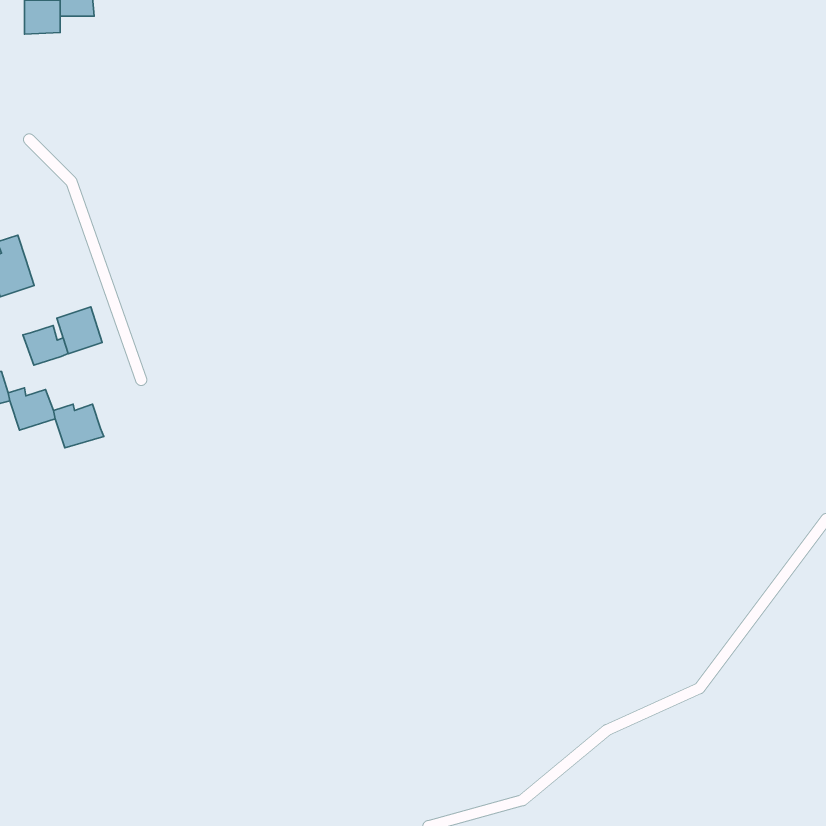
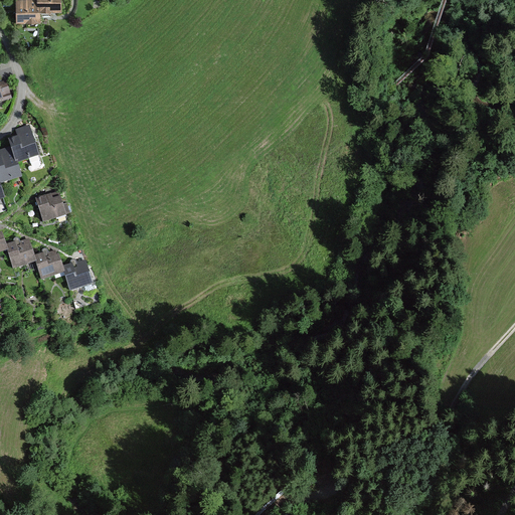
building: none -> [8,125,39,161]
building: [23,326,68,365] -> none
building: none -> [62,259,92,288]

